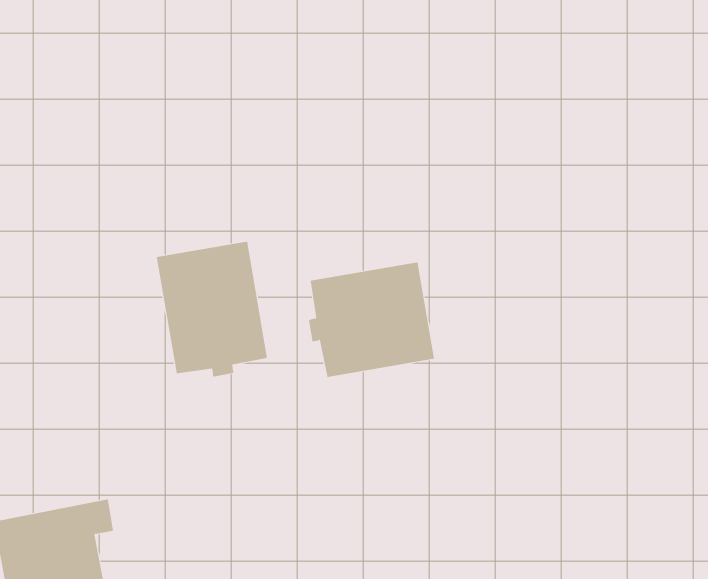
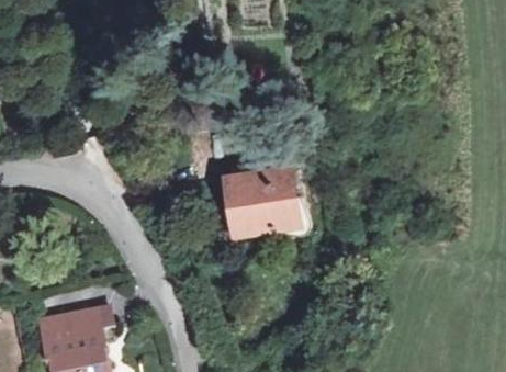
building: [156,241,268,377] -> none

